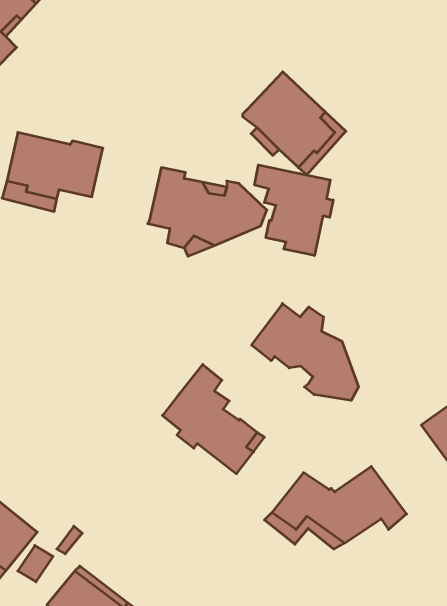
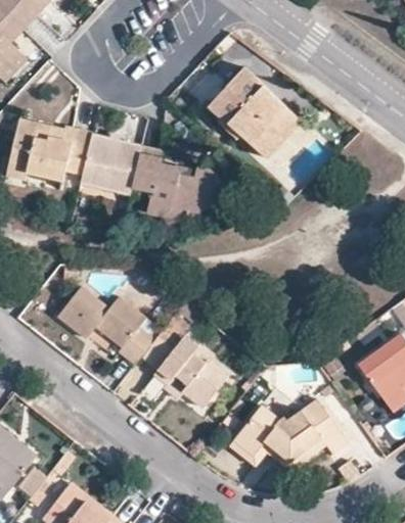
building: none -> [80,133,142,194]
building: [255,165,333,256] -> none
building: [252,303,358,400] -> none
building: none -> [57,286,155,364]

